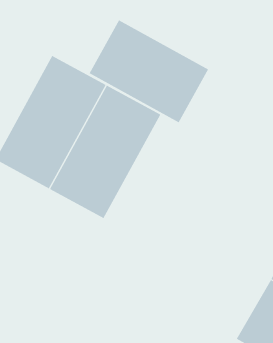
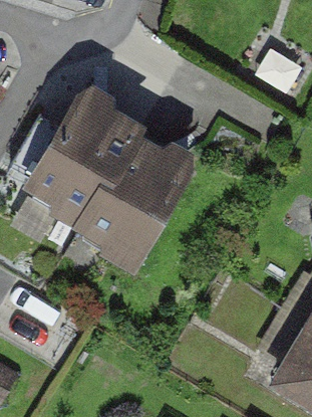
building: [89,20,209,123] -> none

